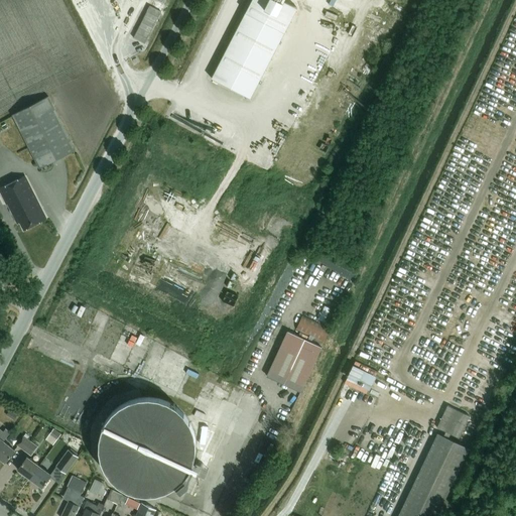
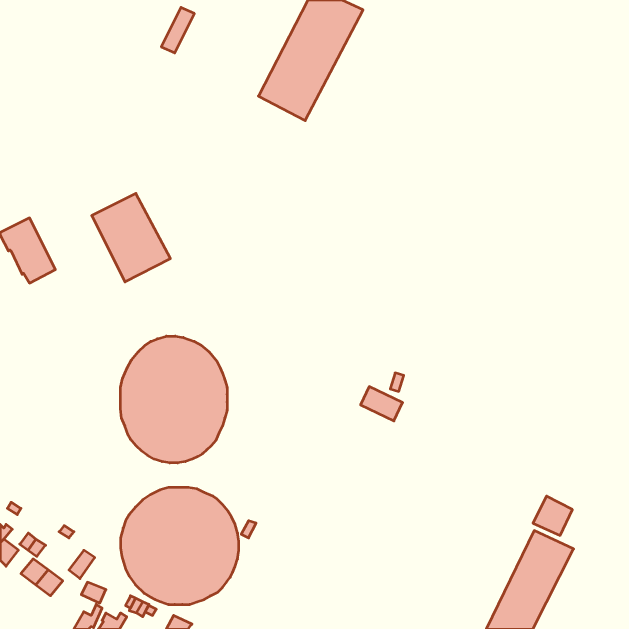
building: [11,99,76,171] -> [92,193,170,282]
building: none -> [120,336,227,463]
building: [266,333,320,393] -> none

